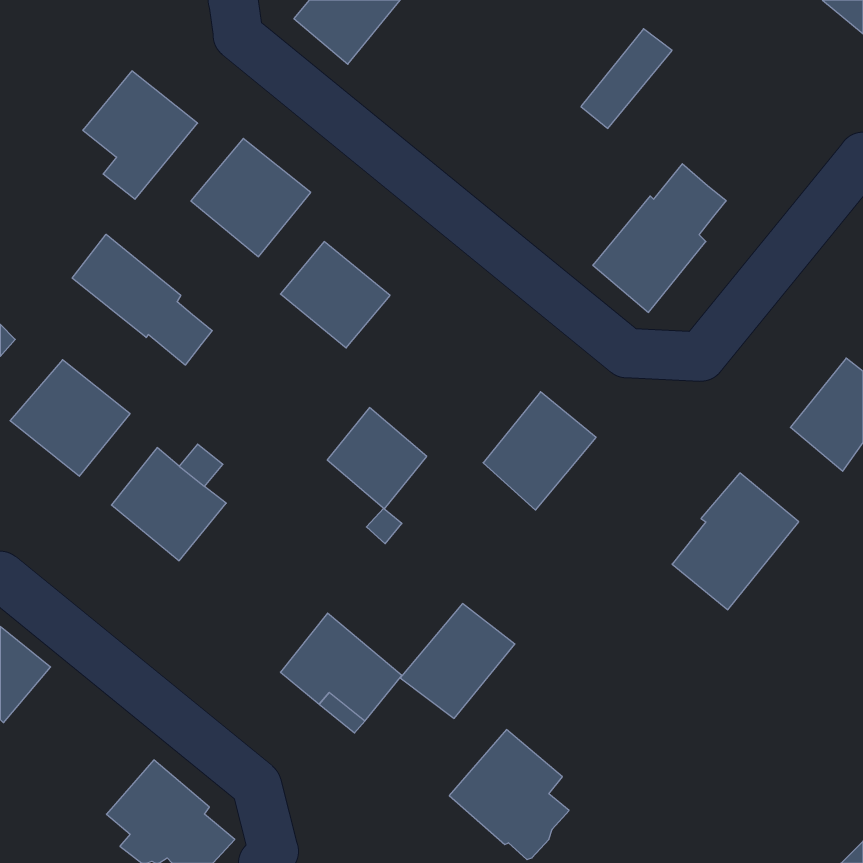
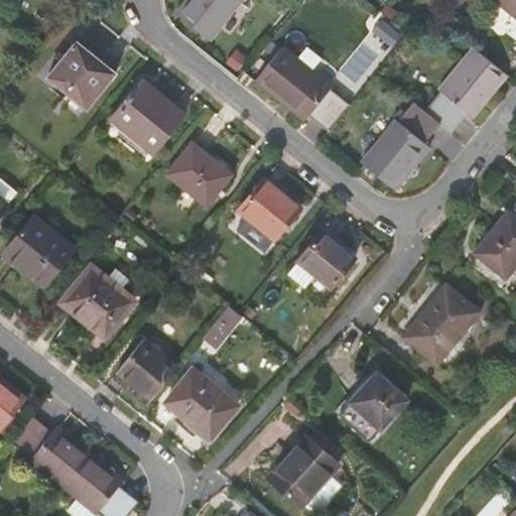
building: none -> [254,43,349,130]
building: none -> [422,48,505,133]
building: [72,234,212,365] -> none
building: [327,408,427,509] -> [241,180,300,241]
building: none -> [115,339,177,402]
building: [400,604,515,718] -> [336,369,404,437]
building: none -> [13,413,92,486]

